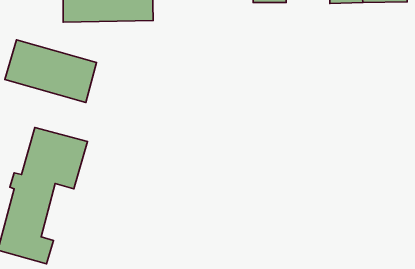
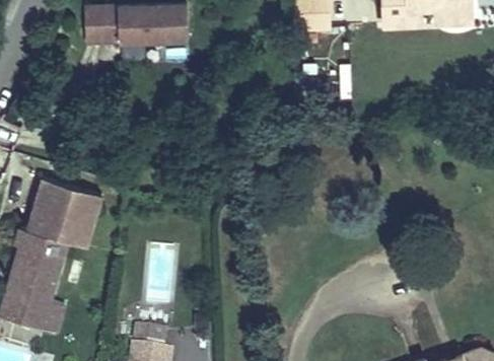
building: [5,40,96,102] -> none

